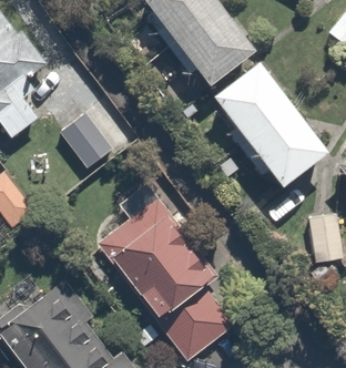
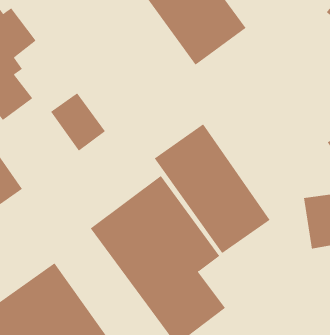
building: [211,59,325,186] -> [154,123,271,254]

